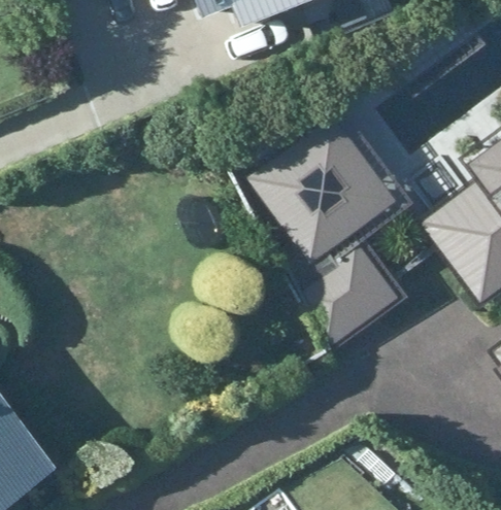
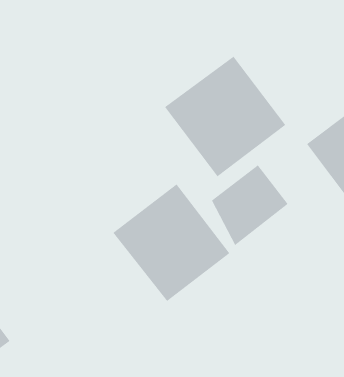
building: none -> [113,184,230,302]

